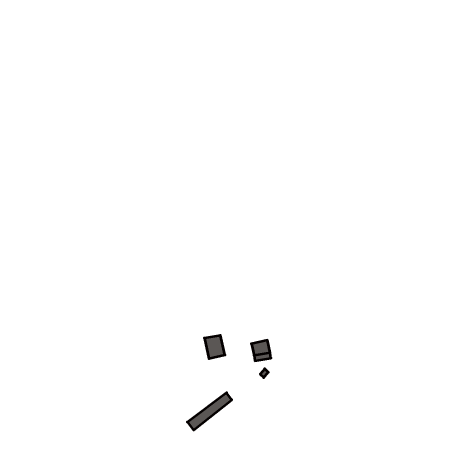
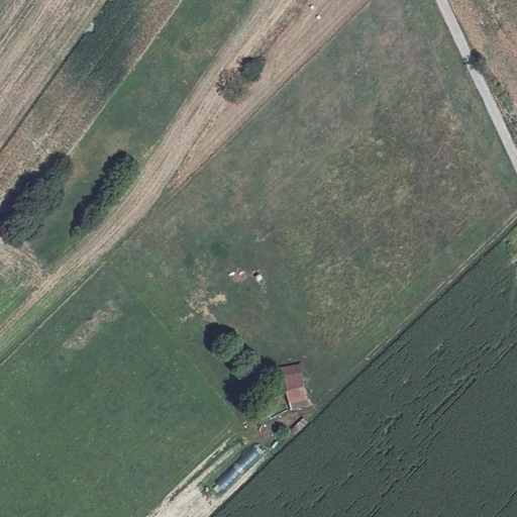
building: [204,335,225,359] -> [281,365,304,391]

